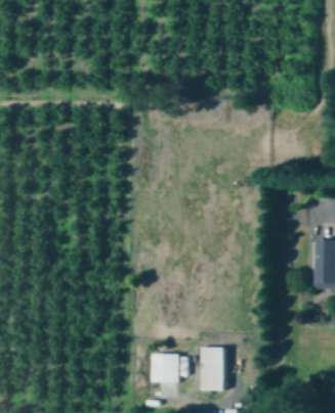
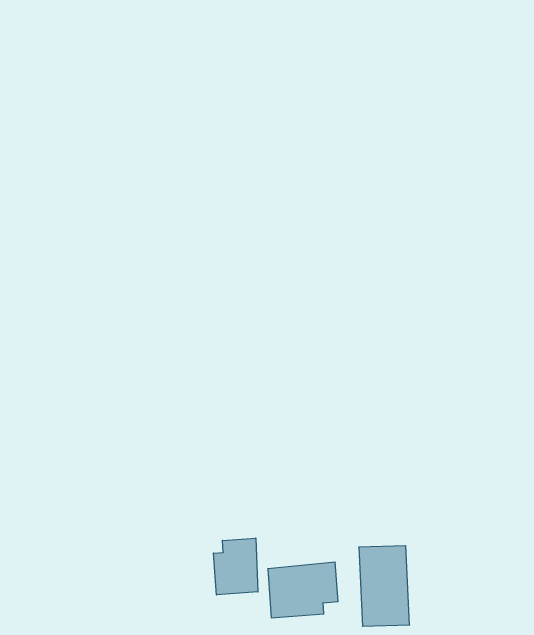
building: none -> [214,538,258,595]

